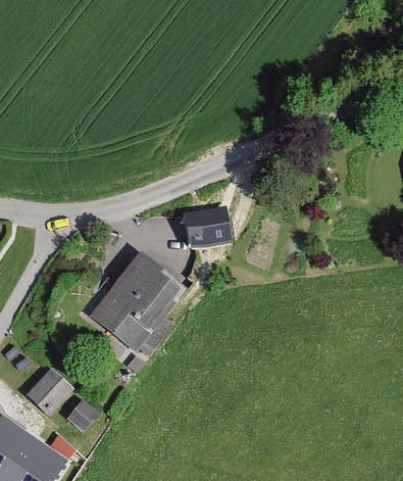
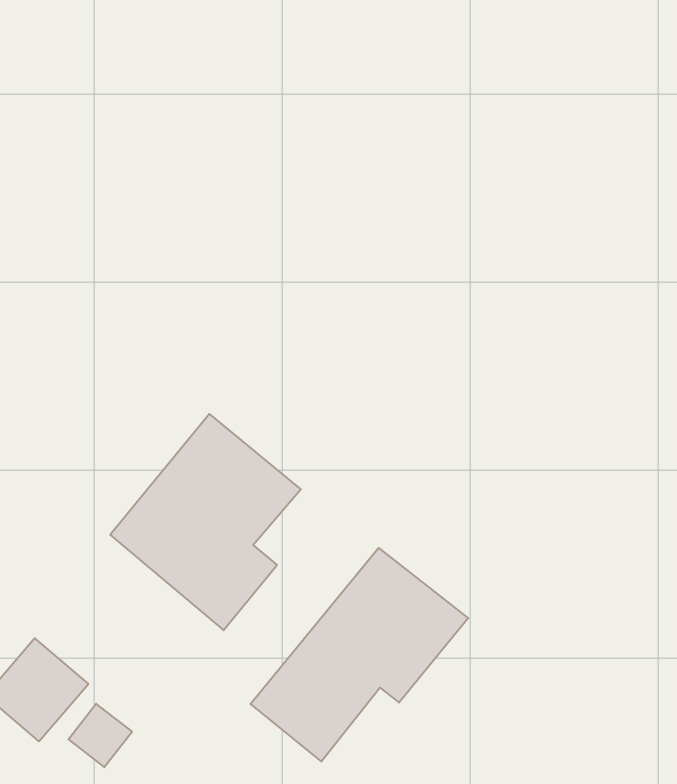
building: [187,198,233,255] -> none
building: none -> [250,548,468,761]

